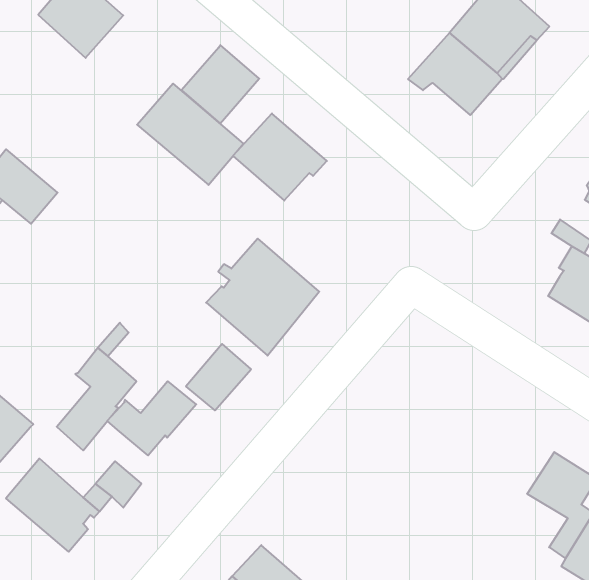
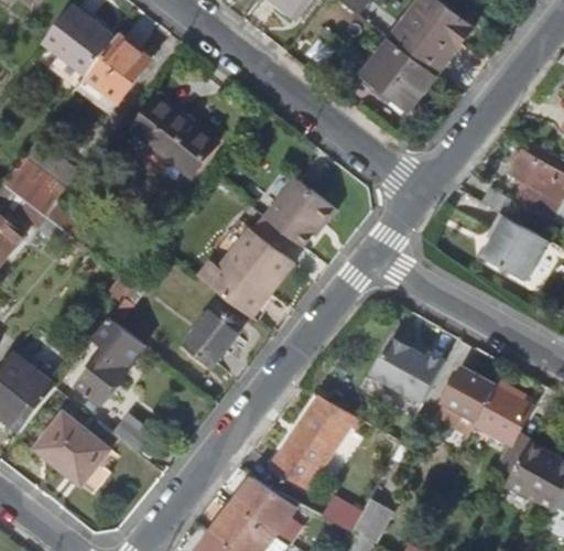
building: [181,45,259,124] -> [84,36,149,102]
building: [233,113,327,201] -> [253,173,333,246]
building: [107,381,196,455] -> none
building: none -> [371,337,445,402]
building: none -> [438,368,496,434]
building: none -> [270,398,360,491]

